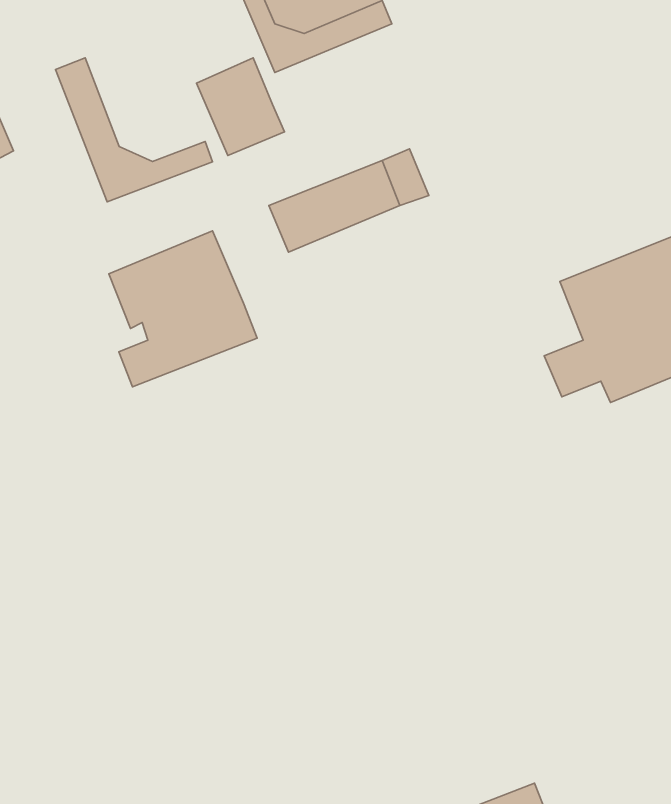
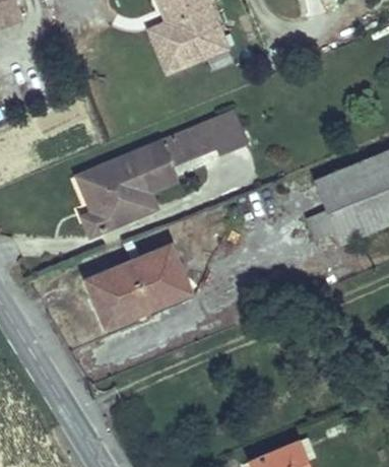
building: [197,58,284,155] -> [132,140,178,191]
building: [55,58,213,202] -> none
building: none -> [85,245,192,328]

